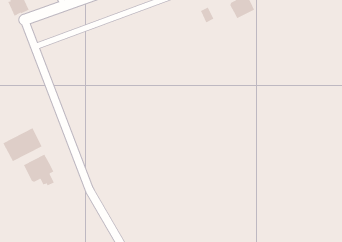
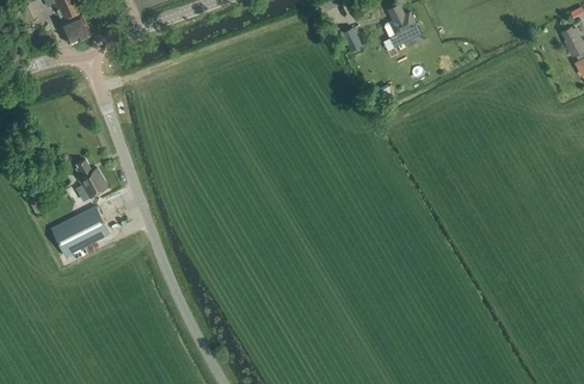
building: none -> [76,159,109,197]
building: [23,154,54,186] -> none

